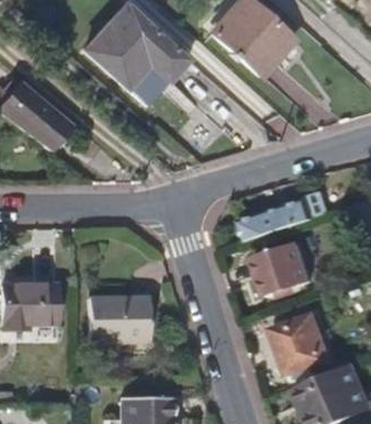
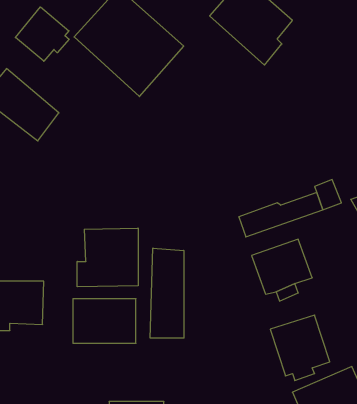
building: none -> [15,7,69,61]
building: none -> [77,228,138,287]
building: none -> [150,248,184,338]

